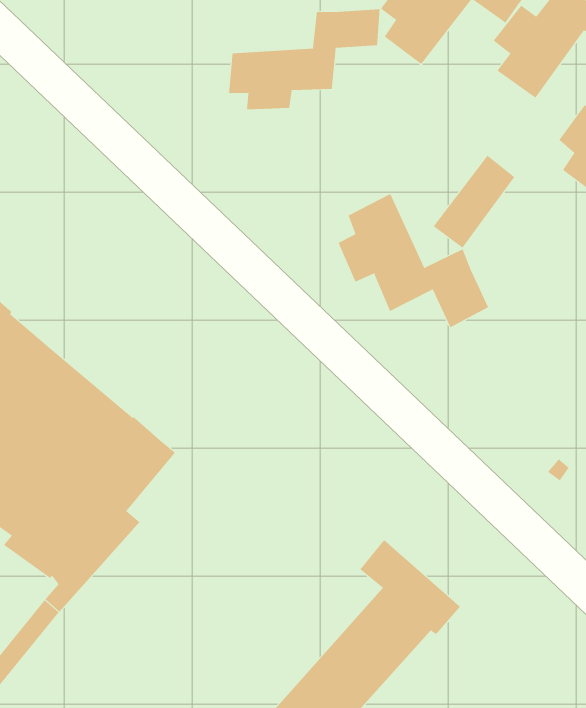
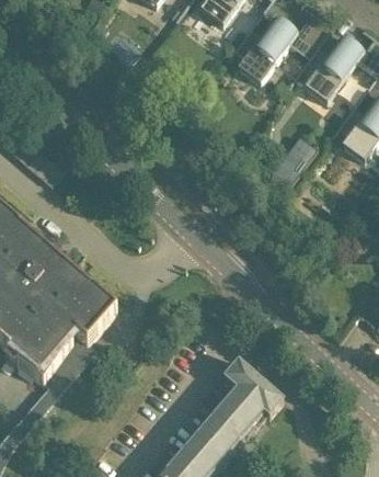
building: [228,8,380,110] -> none
building: [338,193,489,328] -> none

